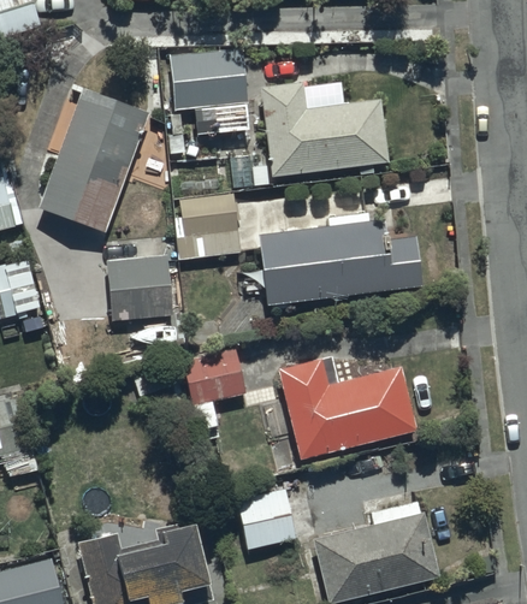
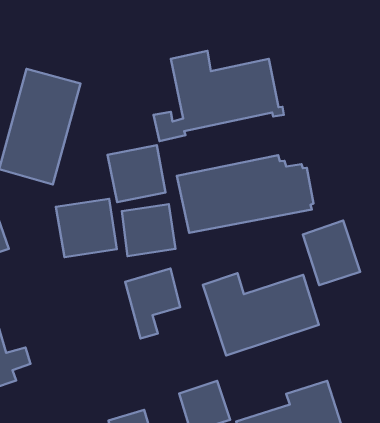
building: [167,47,248,120] -> none
building: none -> [122,204,175,256]
building: none -> [303,221,360,285]

